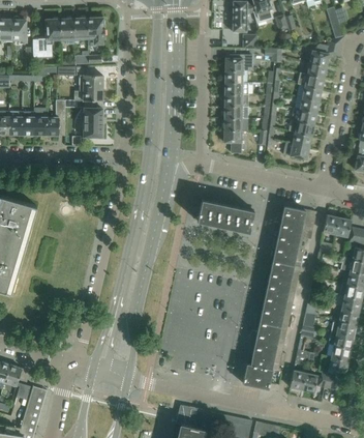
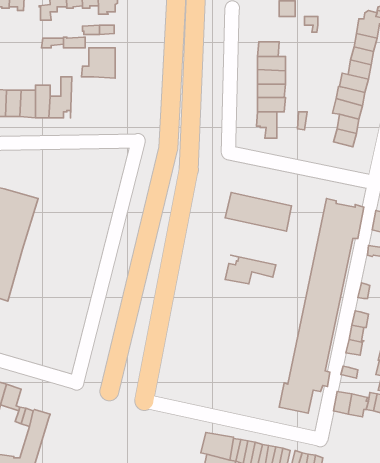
building: [225,54,253,70] -> none
building: [83,99,102,137] -> none
building: none -> [225,255,276,284]

